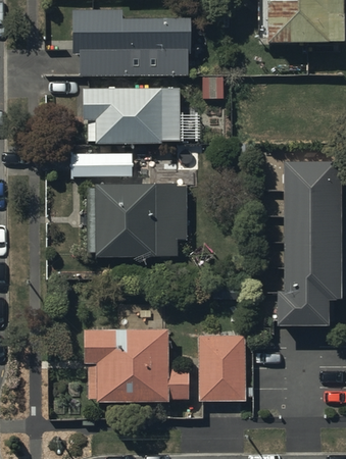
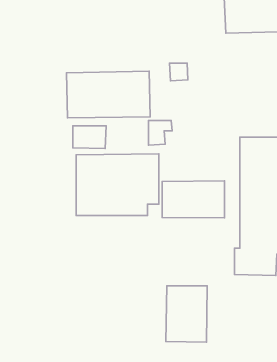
building: [72,10,189,75] -> none
building: none -> [162,181,224,218]
building: [82,330,190,403] -> none

